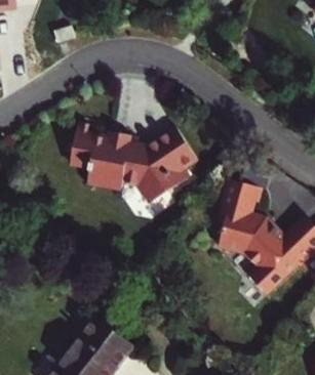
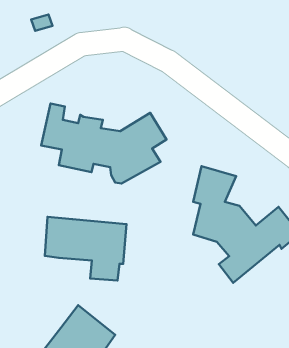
building: none -> [45,217,127,281]

